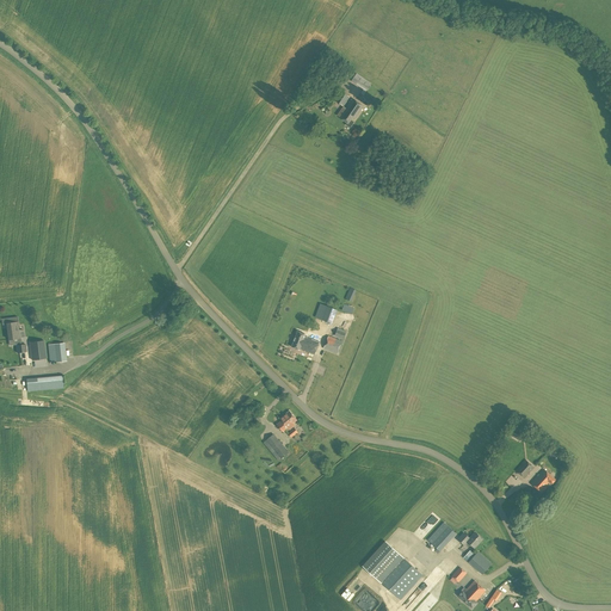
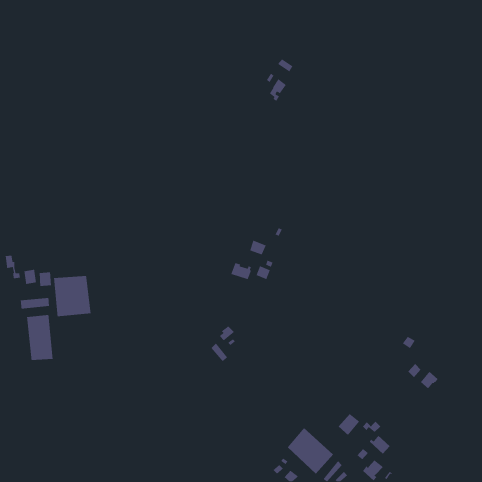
building: none -> [53,275,91,317]
building: none -> [26,314,54,361]

